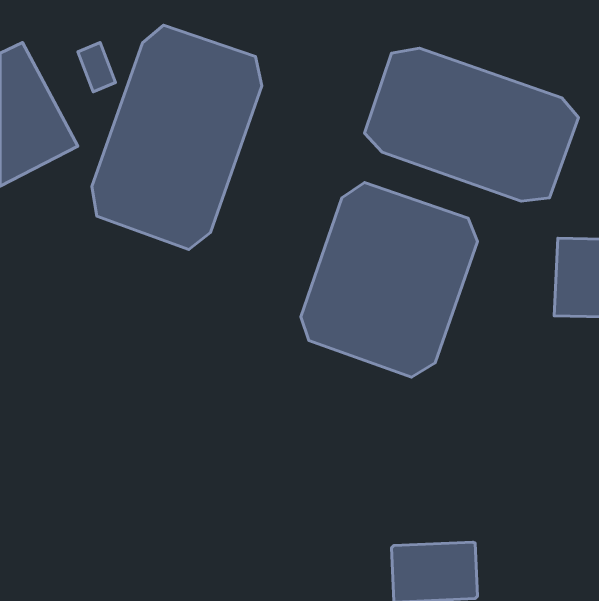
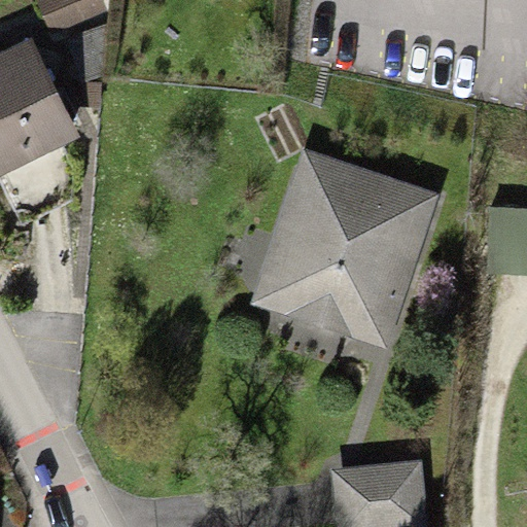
building: [92,25,262,249] -> none
building: [364,48,579,201] -> none

